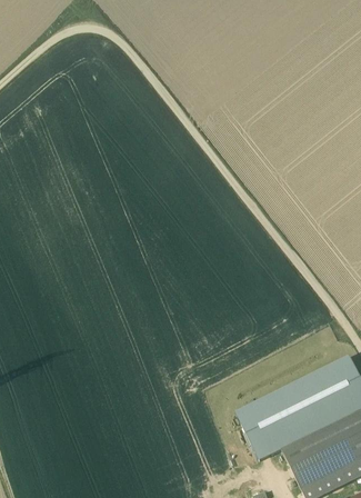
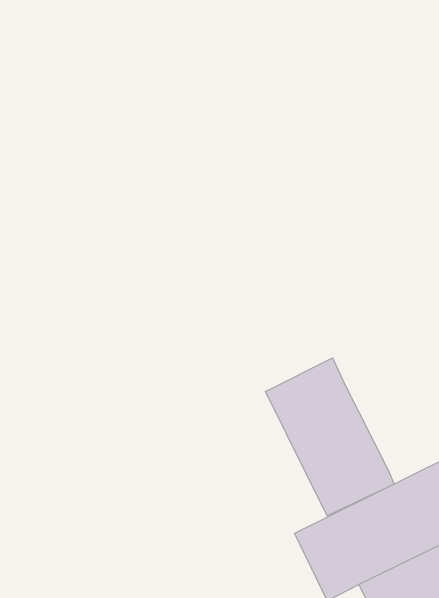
building: none -> [265,358,394,516]

